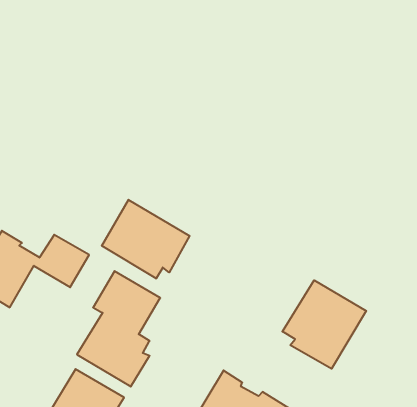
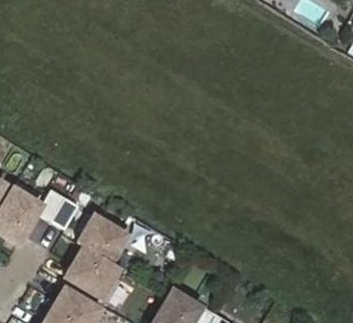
building: [102,200,190,279] -> none
building: [282,280,366,369] -> none

